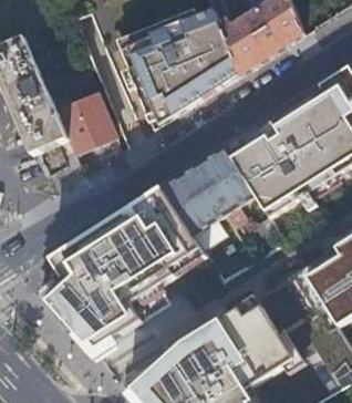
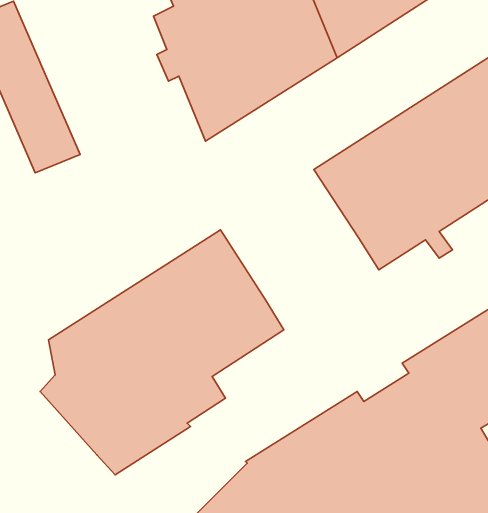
building: [52,92,116,154] -> none
building: [164,149,256,236] -> none

